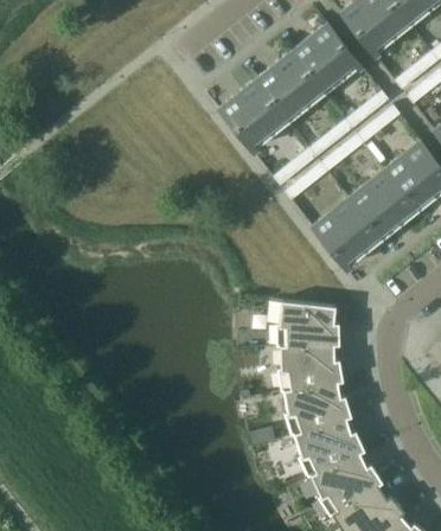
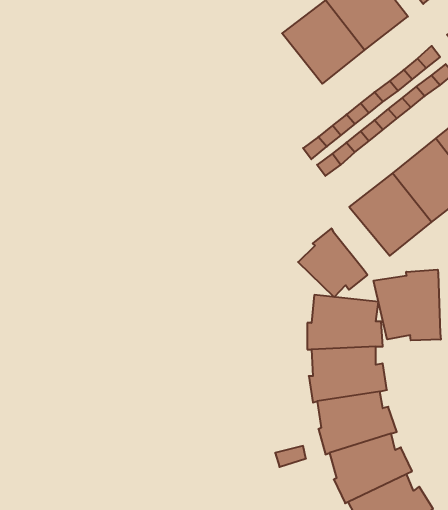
building: [219,79,289,151] -> none
building: none -> [298,228,367,297]
building: none -> [374,270,441,340]

